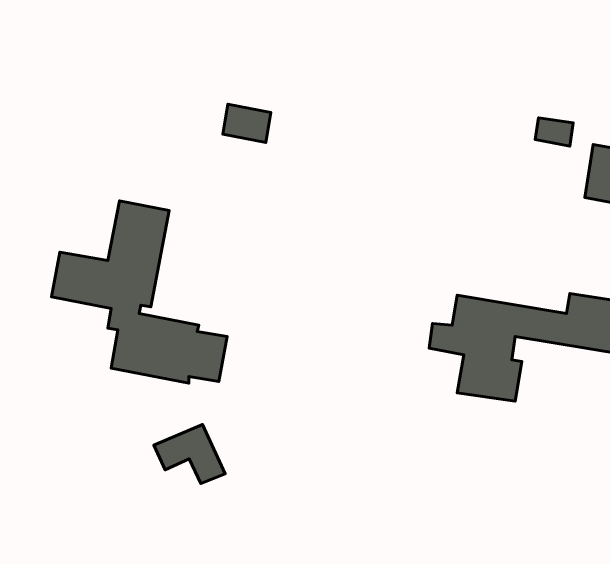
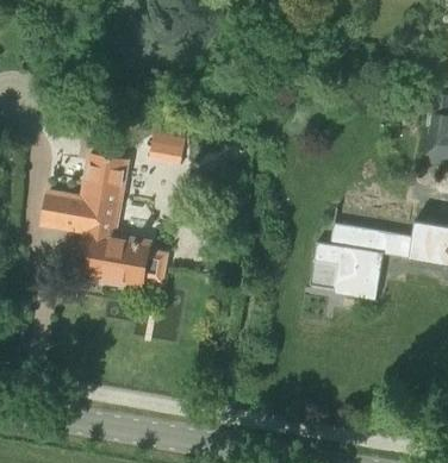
building: [223,104,271,142] -> [149,137,183,164]
building: [154,424,225,483] -> none

